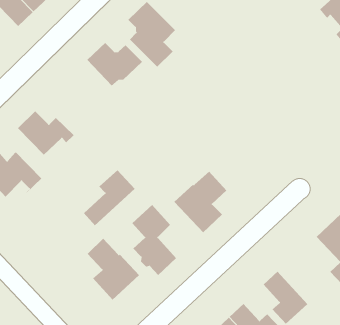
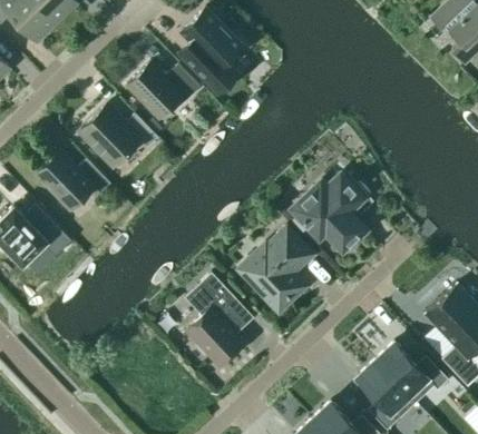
building: none -> [79,105,158,166]
building: none -> [292,175,373,249]
building: [83,169,135,226] -> none
building: [87,238,140,300] -> none
building: none -> [375,342,448,403]

